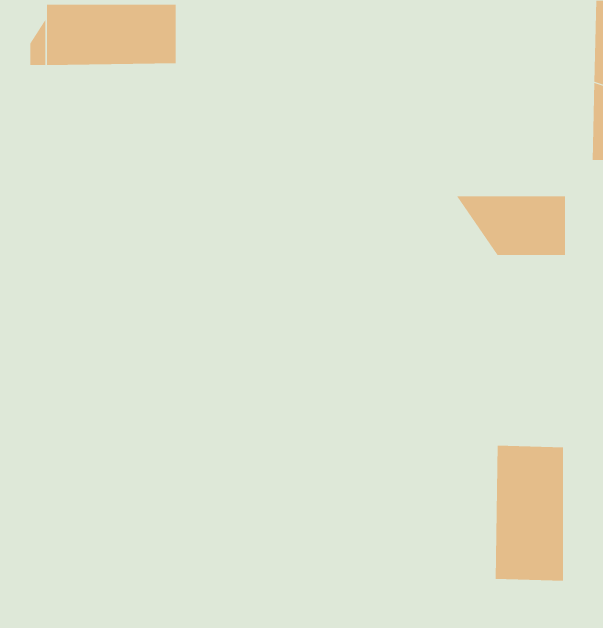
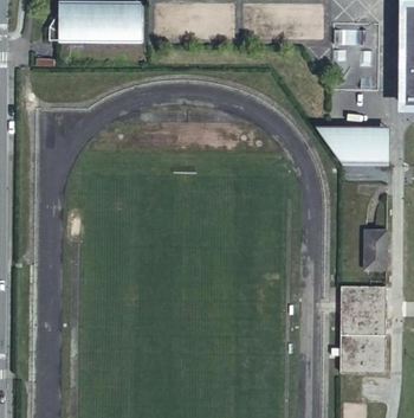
building: none -> [362,230,384,269]

